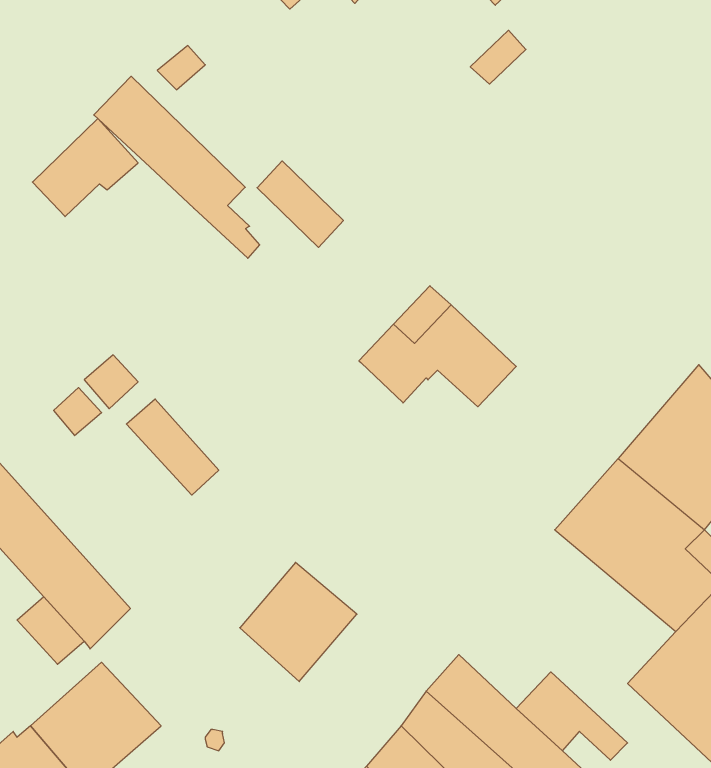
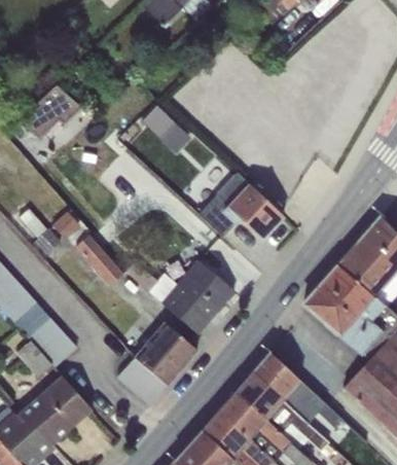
building: [94,76,260,258] -> none
building: none -> [127,259,234,334]
building: none -> [252,352,301,400]
building: none -> [117,357,167,405]

